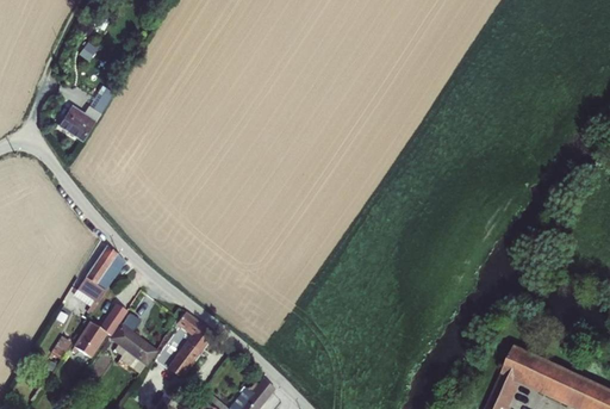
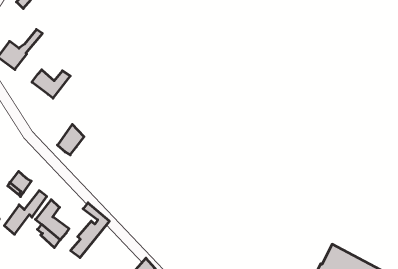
building: none -> [32,70,70,98]
building: [92,246,126,286] -> [57,124,84,155]

